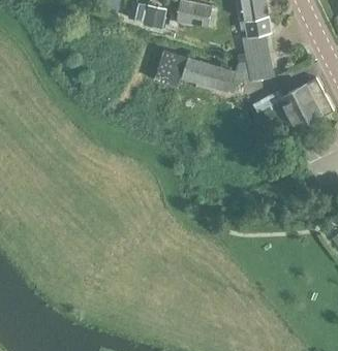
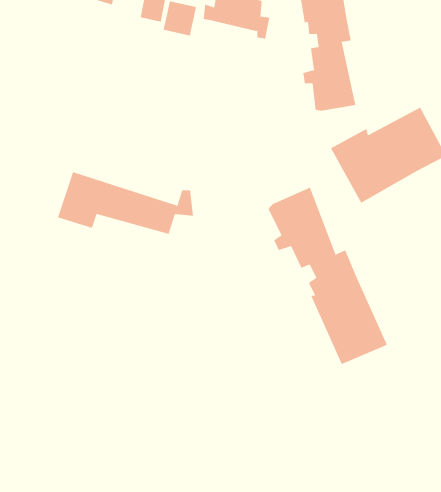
building: [154,50,246,92] -> [57,172,194,235]
building: none -> [268,187,388,365]

